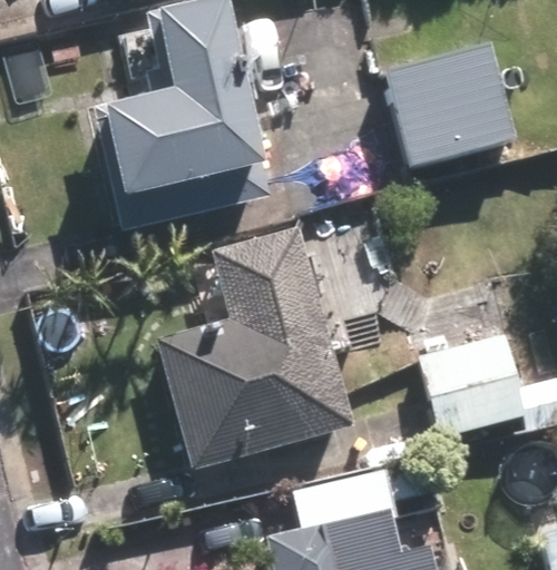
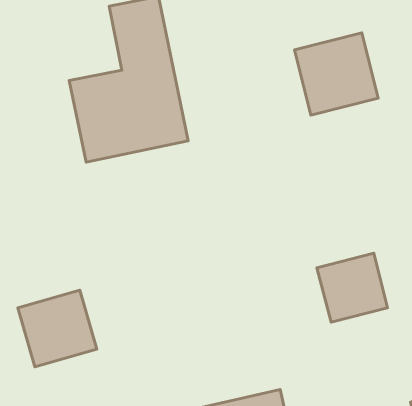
building: [166,236,345,454] -> none
building: none -> [18,290,97,367]

